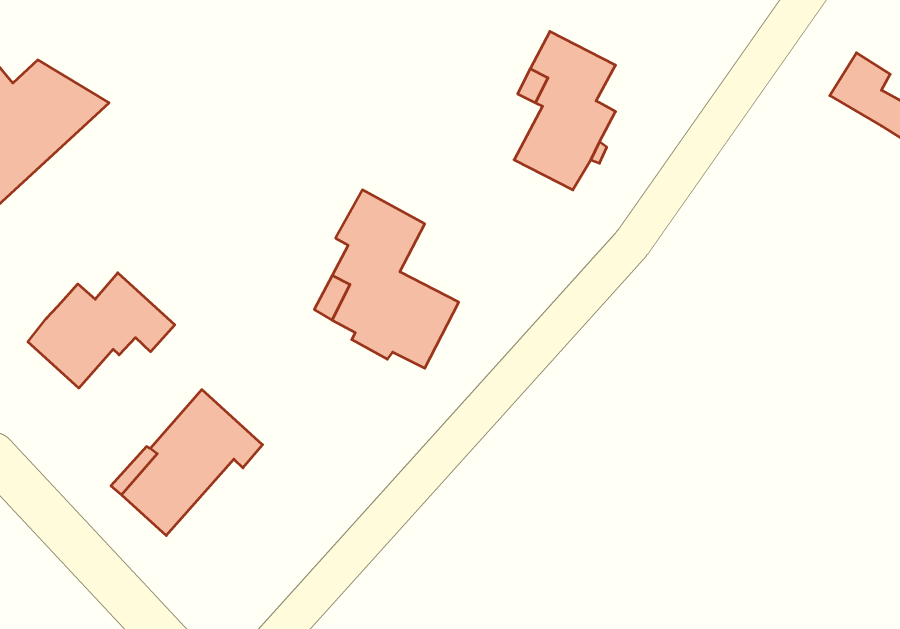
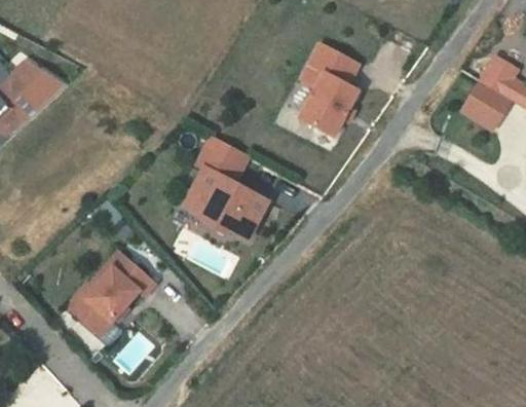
building: none -> [464,81,511,127]
building: [28,273,175,388] -> none

